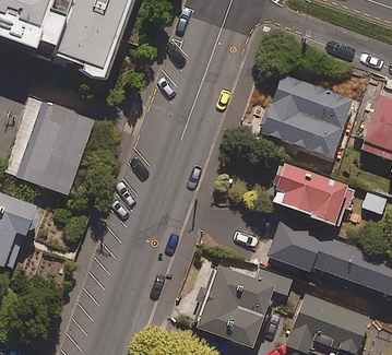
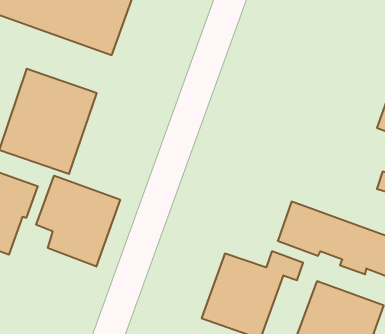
building: [261,73,353,157] -> none
building: [269,164,346,227] -> none
building: none -> [36,176,120,267]

